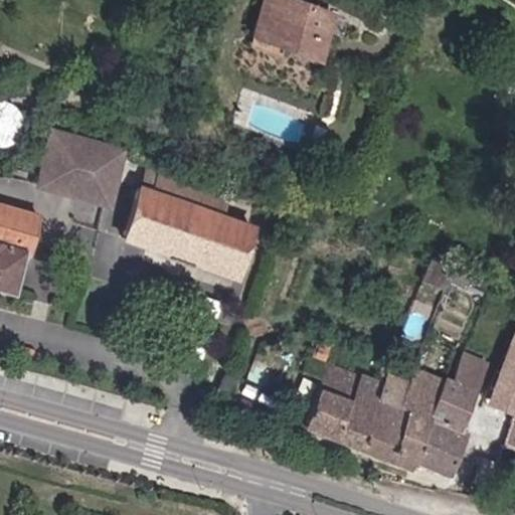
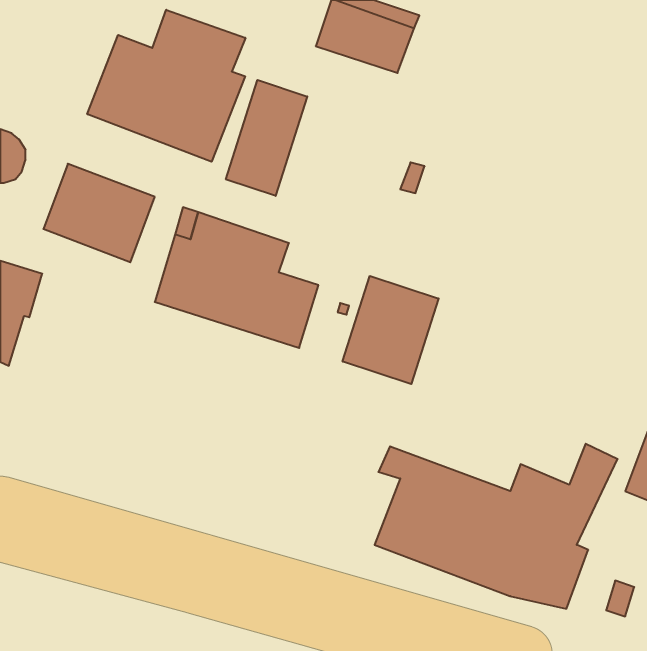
building: none -> [87,10,245,162]
building: none -> [226,80,307,196]
building: none -> [343,276,439,384]

